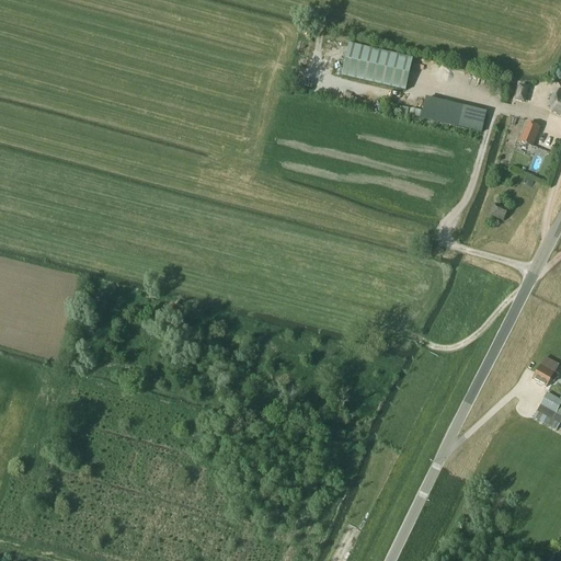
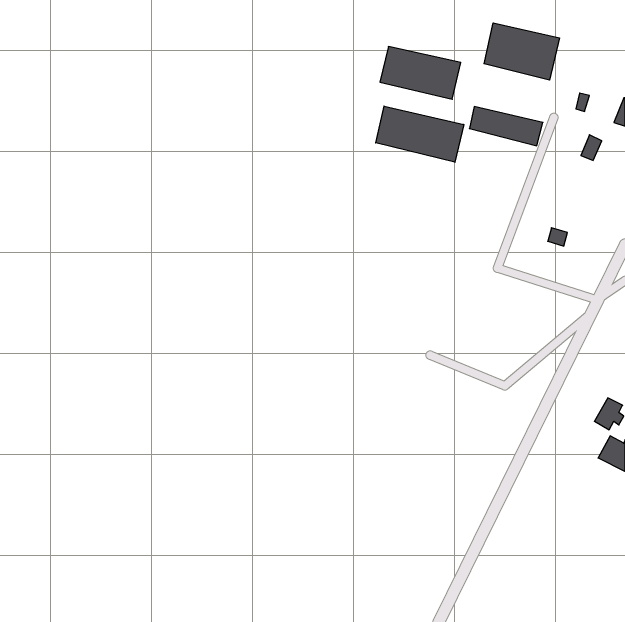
building: none -> [484,23,559,80]
building: none -> [376,106,464,162]

